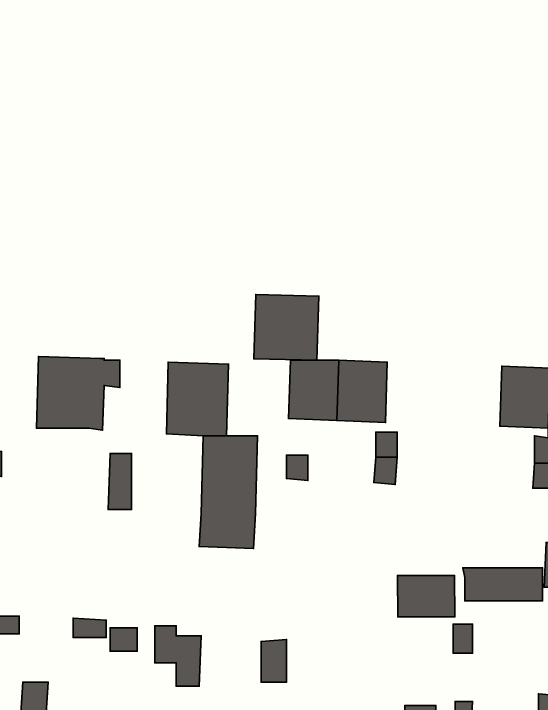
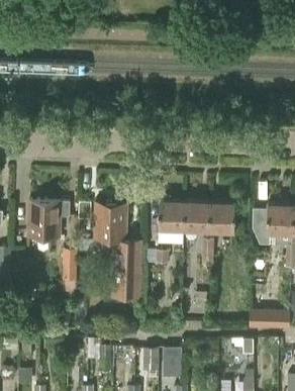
building: [254,295,319,360] -> none
building: none -> [208,203,235,235]
building: [398,576,455,617] -> none
building: none -> [165,348,182,377]

